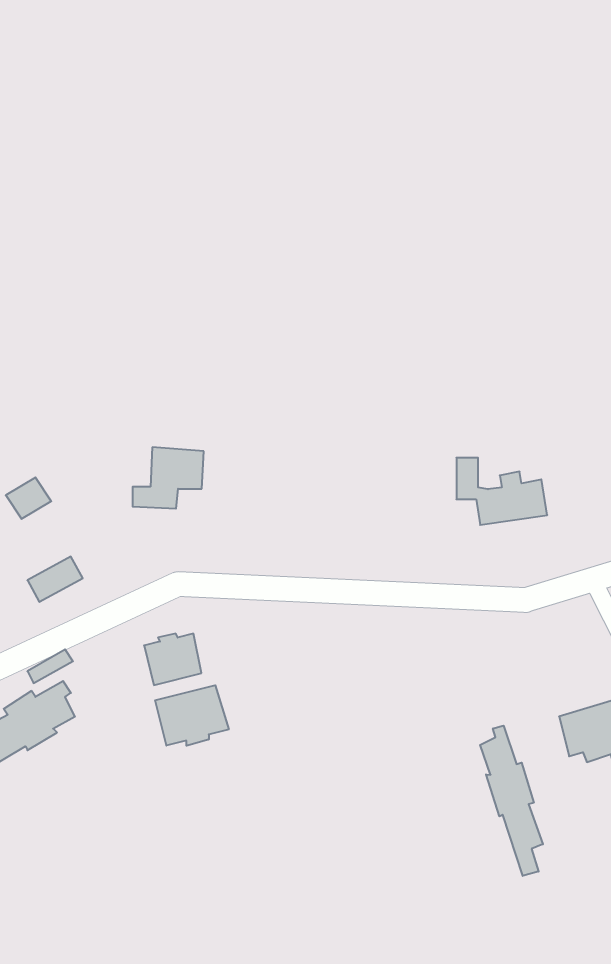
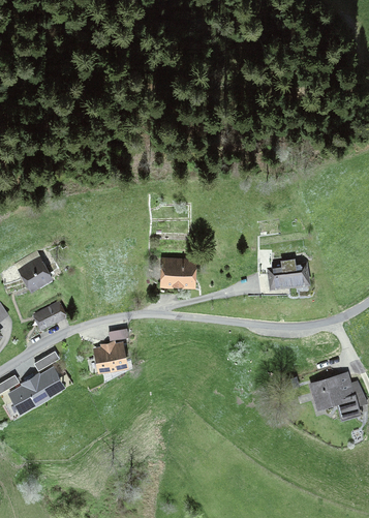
building: [133,447,204,509] -> [154,260,191,292]
building: [155,685,229,746] -> none
building: [480,726,543,876] -> none

